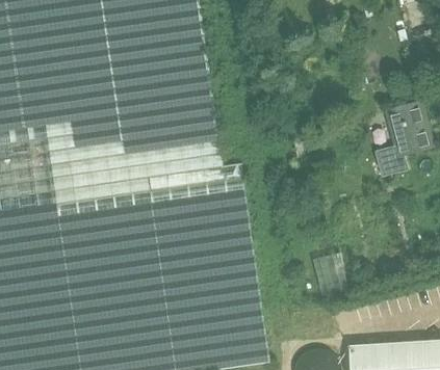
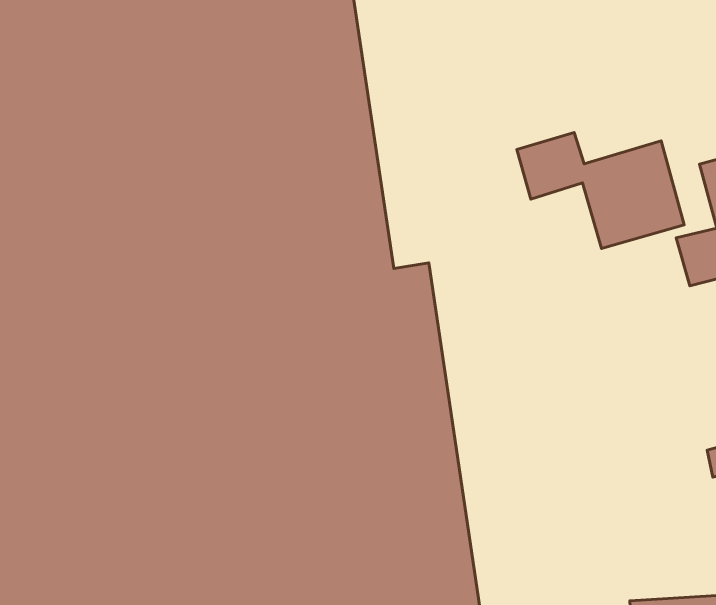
building: none -> [517,132,684,248]

